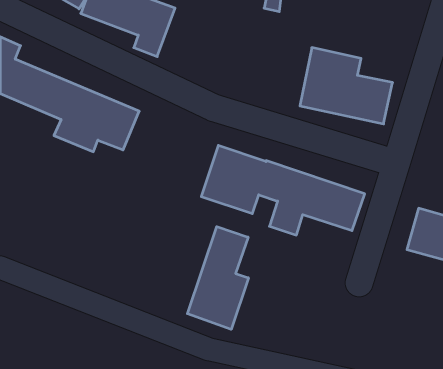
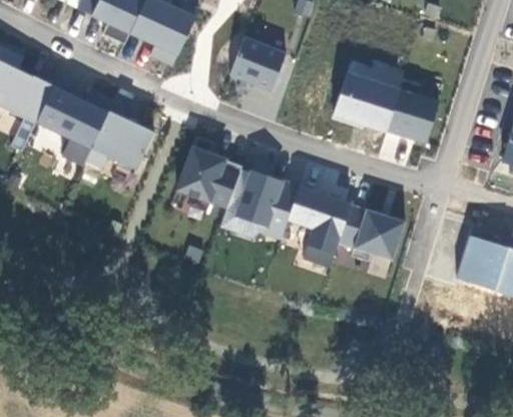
building: none -> [230,37,286,91]
building: none -> [174,145,242,220]
building: [187,227,248,329] -> none

